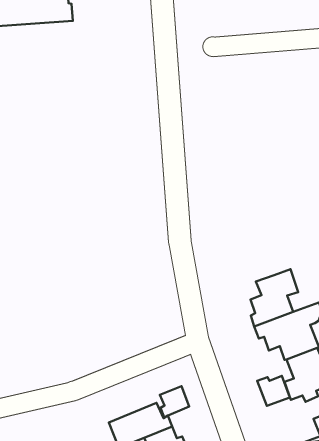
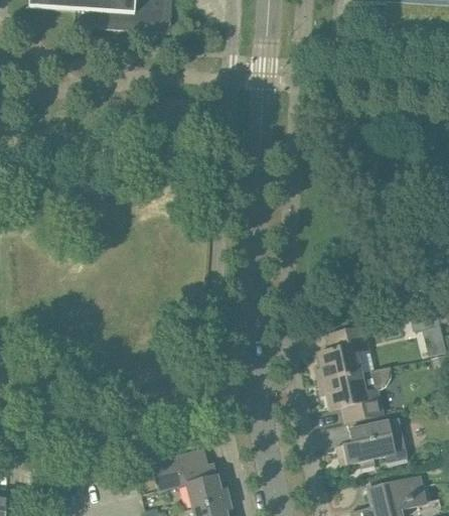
building: [257,376,290,406] -> none
building: [160,386,189,417] -> none

